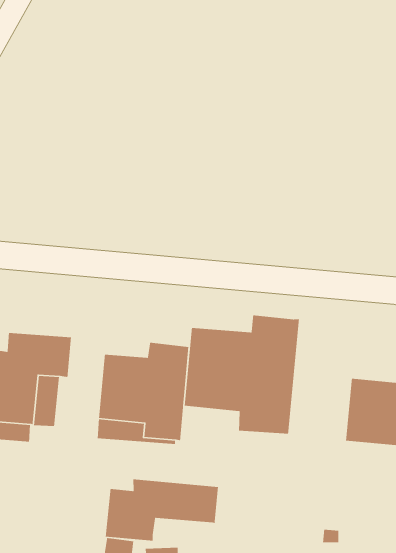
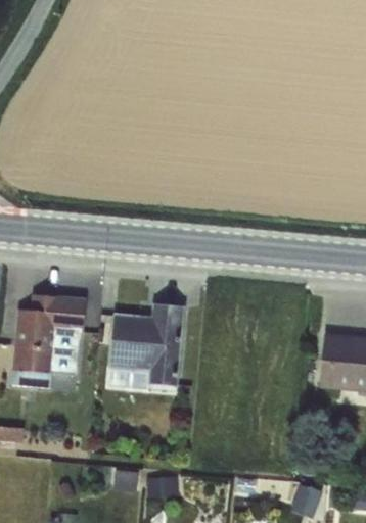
building: [184,314,300,434] -> none
building: [105,478,219,541] -> none

